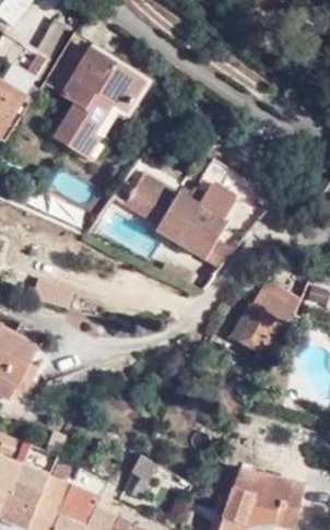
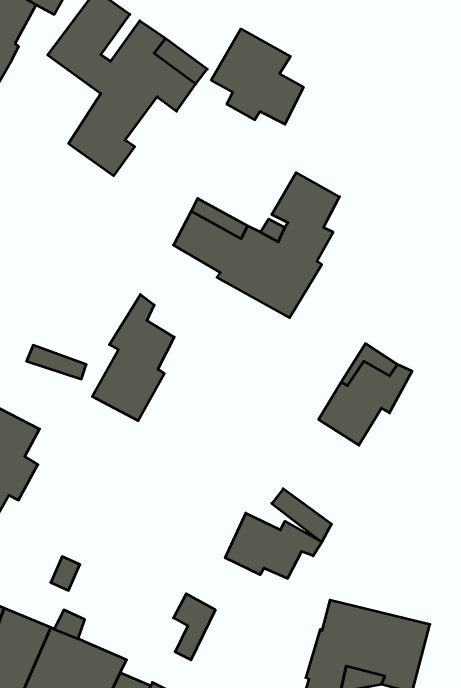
building: none -> [211,29,303,124]
building: none -> [92,294,174,421]
building: none -> [225,513,322,578]

